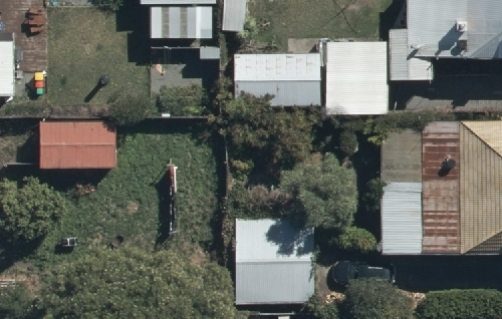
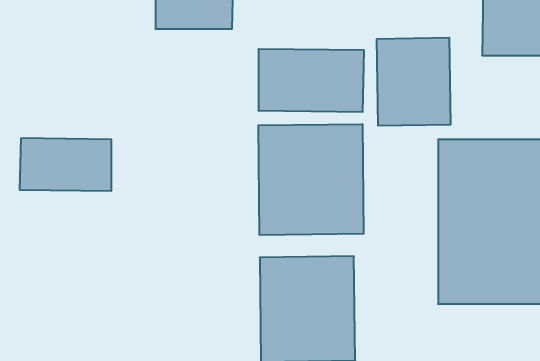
building: none -> [258,124,364,235]

